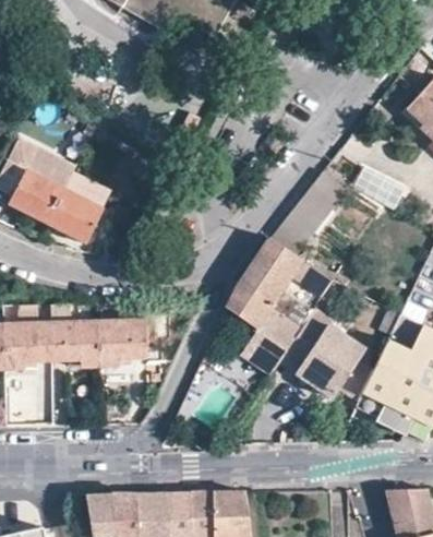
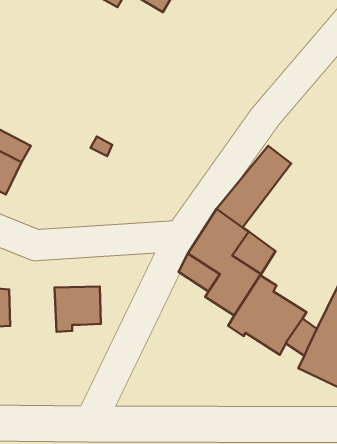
building: [47,189,104,243] -> none
building: [50,303,100,368] -> none
building: [243,331,288,372] -> none

